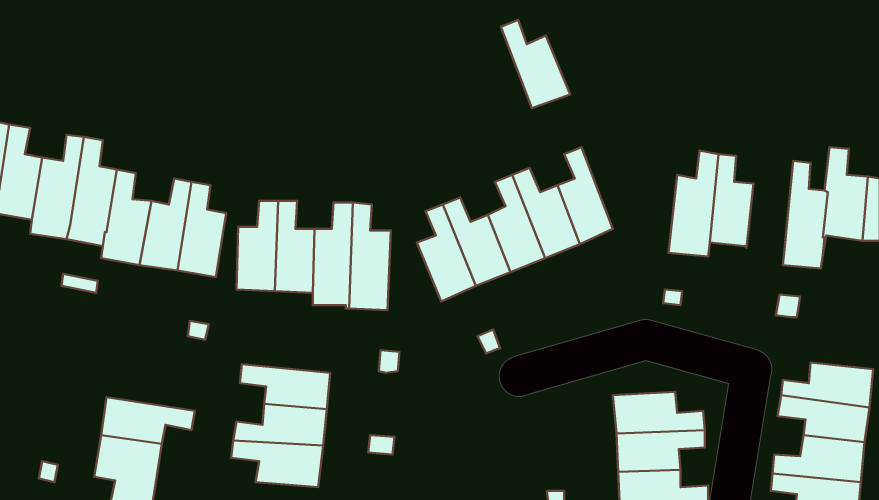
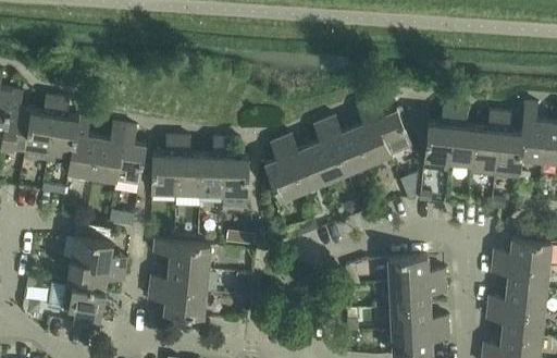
building: [501,20,570,108] -> [369,99,412,155]
building: none -> [470,111,502,177]
building: none -> [71,236,128,269]

